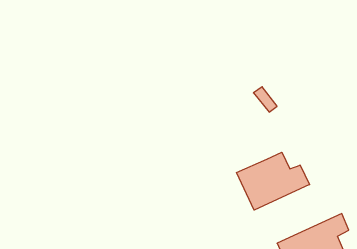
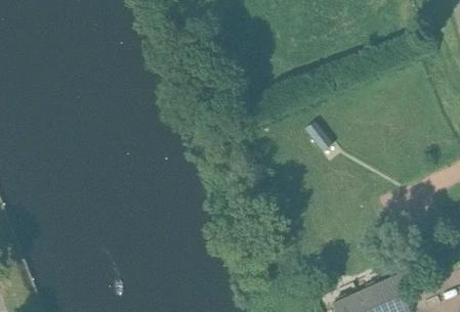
building: [236,152,310,210] -> none

